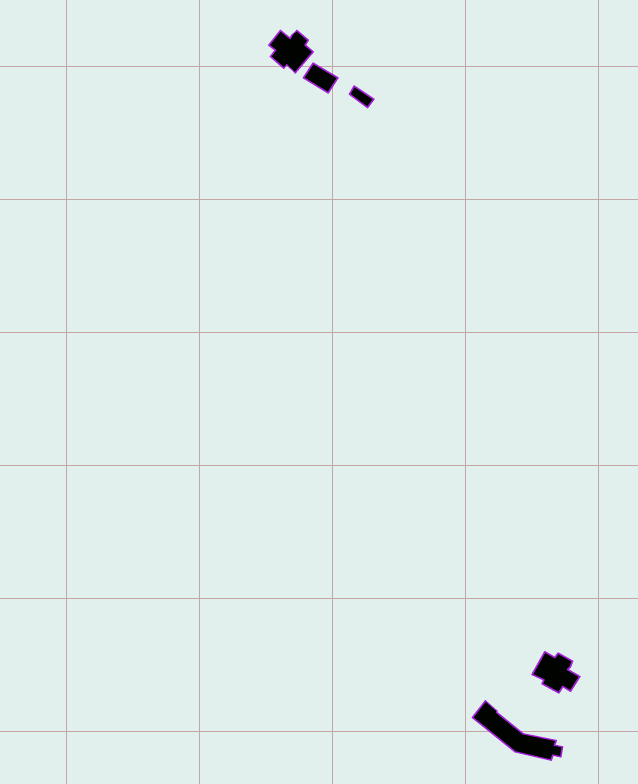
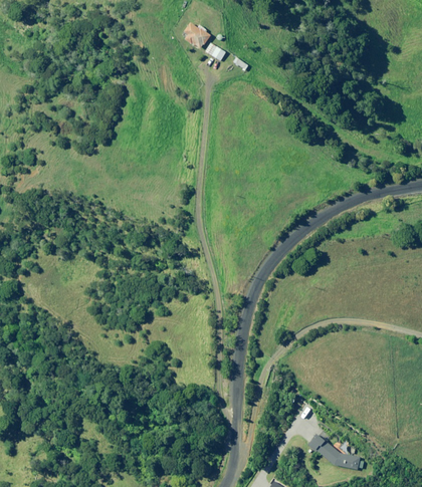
building: [532,652,580,693] -> none

